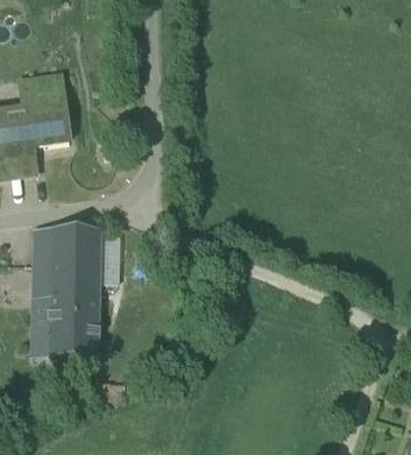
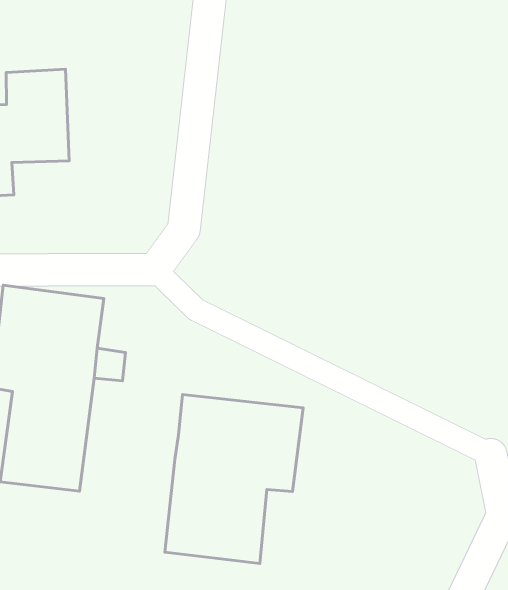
building: none -> [165,394,303,564]

